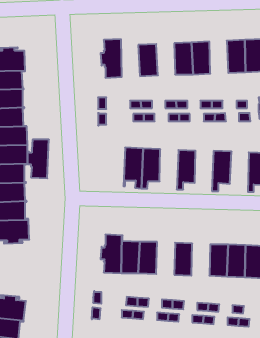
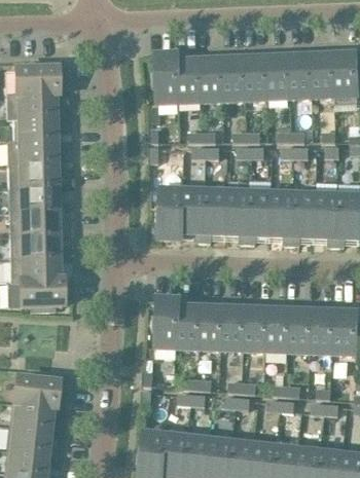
building: none -> [178,54,202,102]
building: none -> [289,57,313,98]
building: none -> [222,60,246,100]
building: [28,140,49,178] -> [156,190,183,238]
building: none -> [226,192,250,243]
building: none -> [271,194,294,245]
building: none -> [315,195,338,246]
building: none -> [222,308,246,350]
building: none -> [266,310,290,351]

